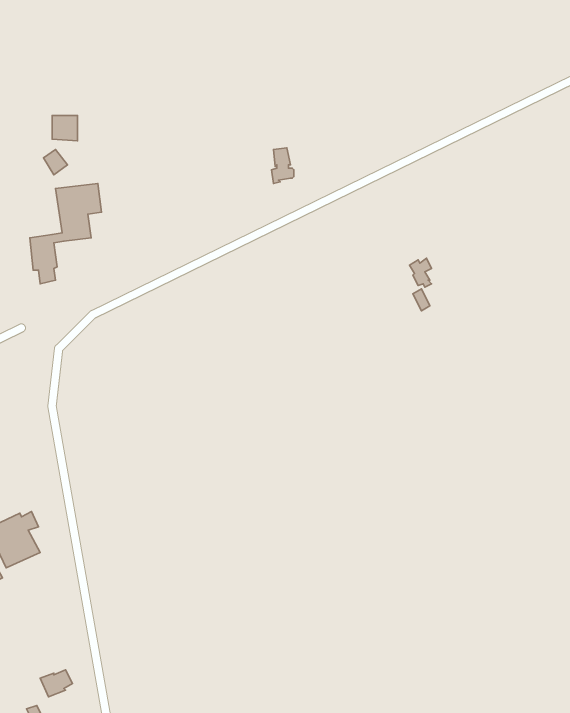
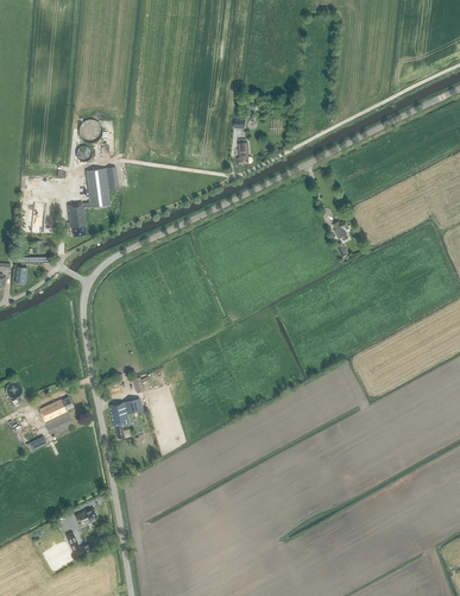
building: none -> [108,397,143,438]

